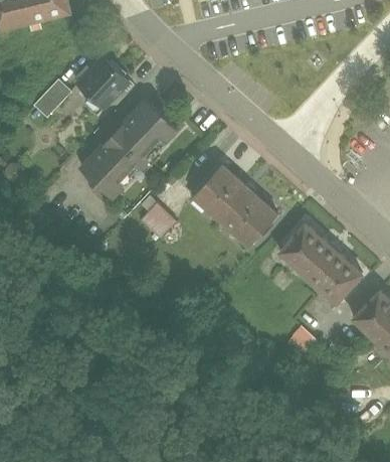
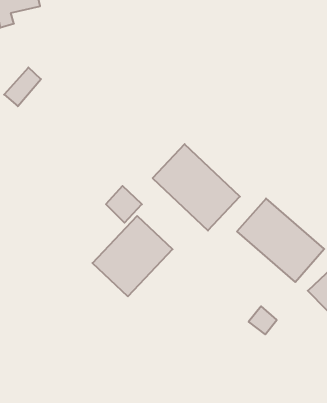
building: [75,56,131,119] -> none
building: [76,96,181,203] -> none
building: none -> [92,216,173,296]

